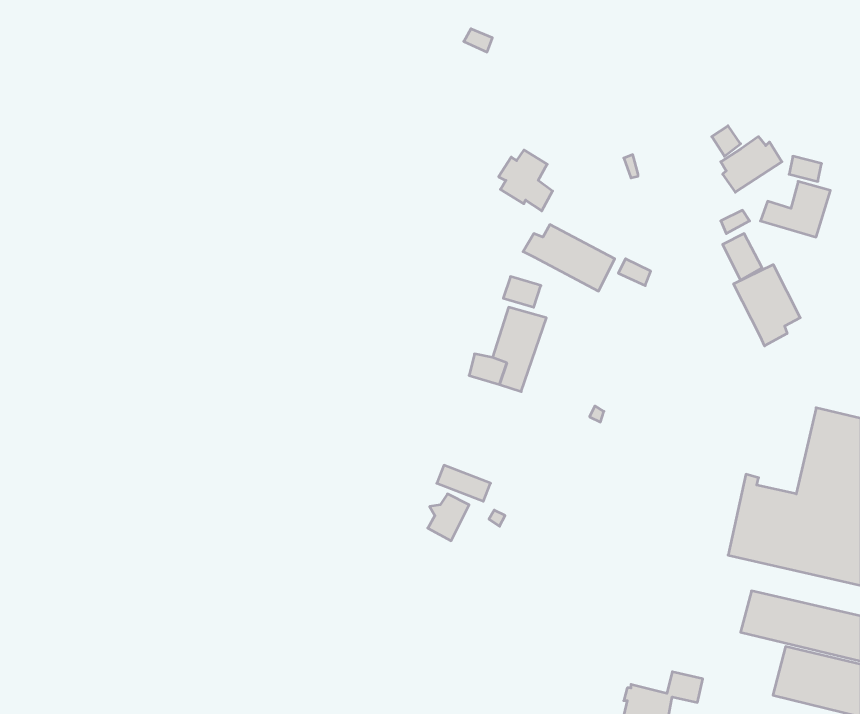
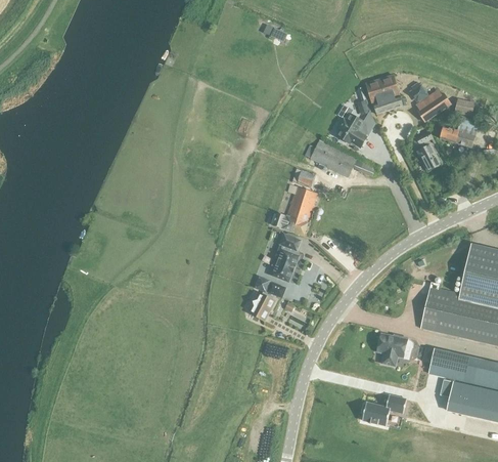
building: none -> [366,74,403,114]
building: [499,150,553,211] -> [336,113,367,148]
building: [734,265,800,346] -> none
building: none -> [272,234,301,281]
building: none -> [377,333,413,366]

